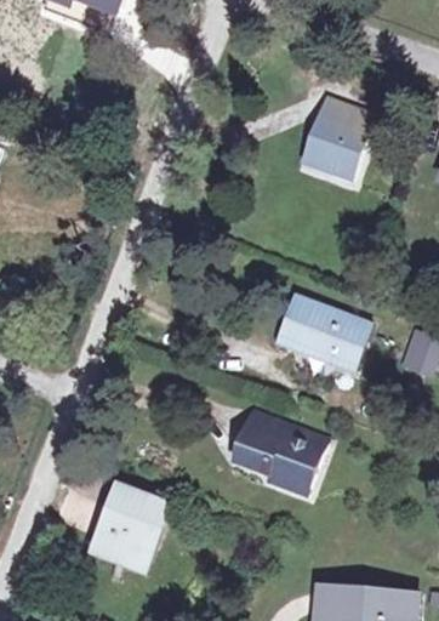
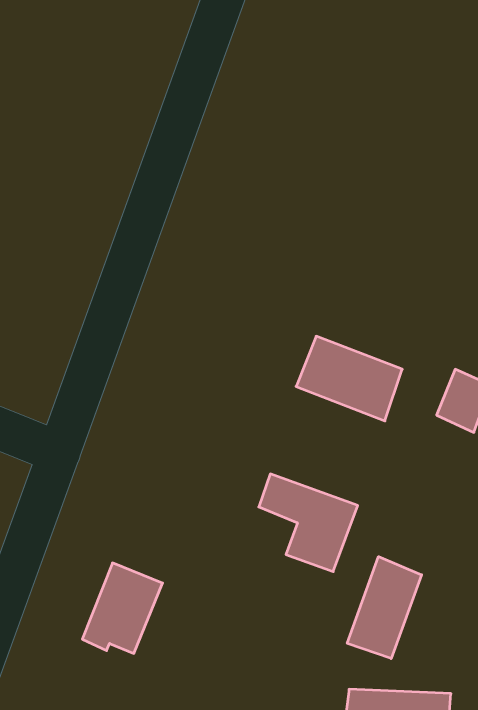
building: [303,101,367,177] -> none
building: none -> [347,557,422,659]

